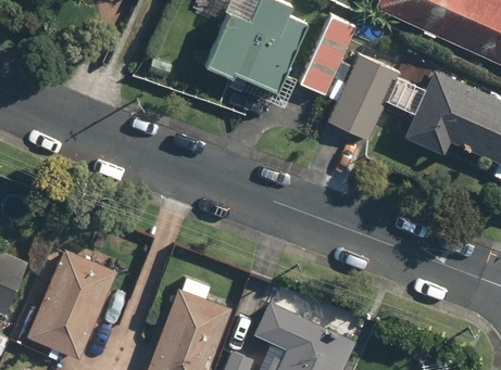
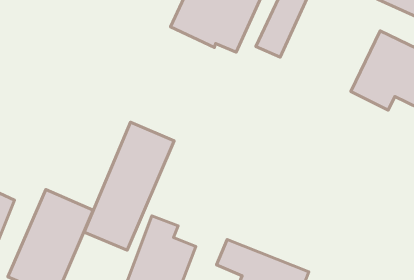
building: [324,52,401,143] -> none
building: none -> [84,122,174,250]

